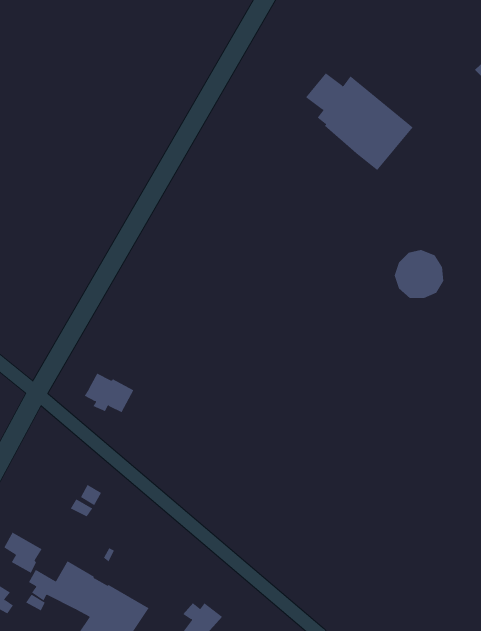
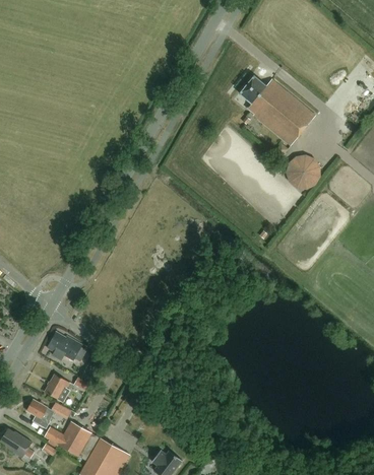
building: [394,249,444,299] -> [285,153,320,188]
building: [84,373,134,413] -> [46,332,81,360]
building: none -> [44,374,69,402]

